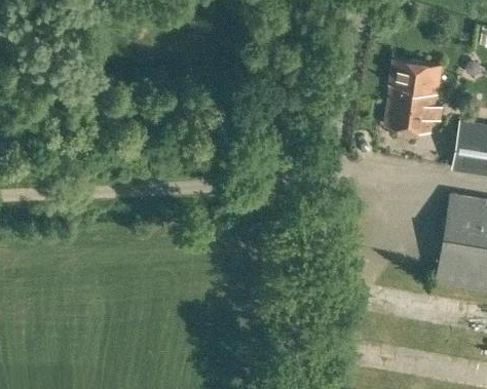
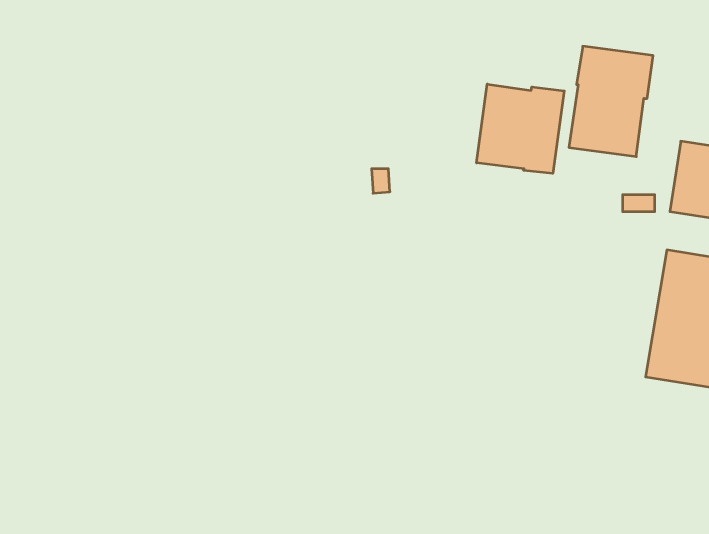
building: none -> [477,84,564,173]

